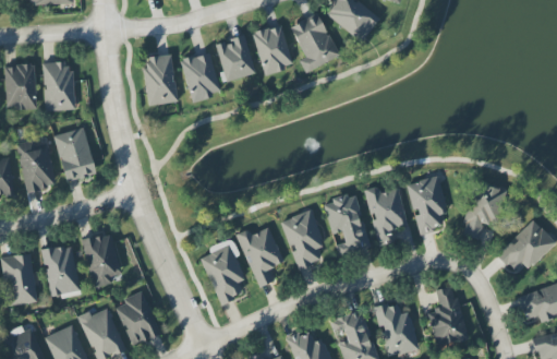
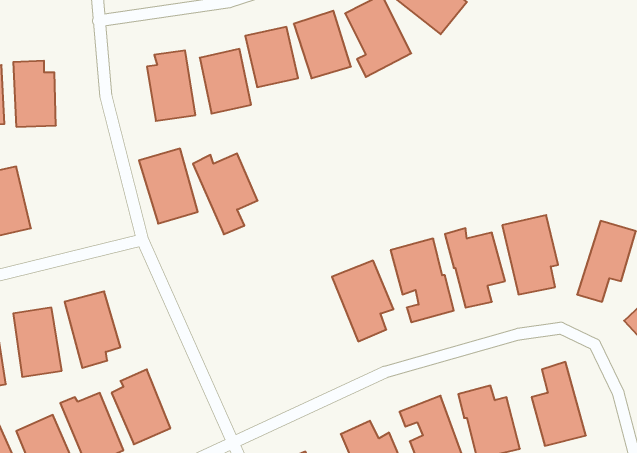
building: [53,127,97,182] -> [139,149,198,224]
building: [237,227,284,287] -> [193,153,258,234]
building: [202,239,245,304] -> none

